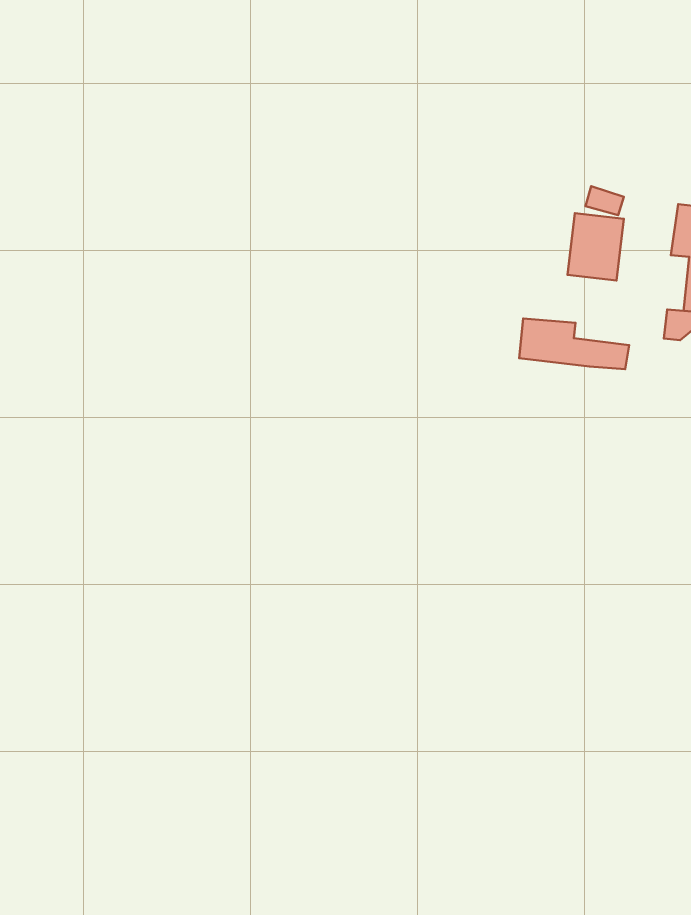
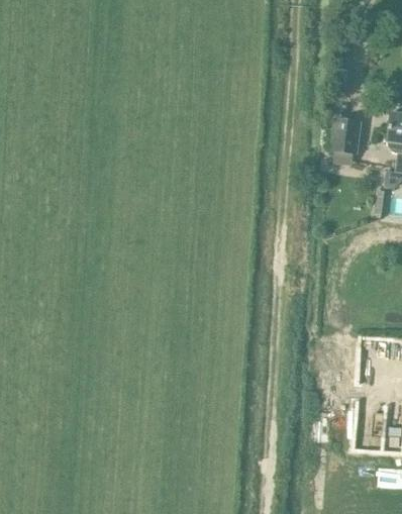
building: [519,318,629,369] -> none

